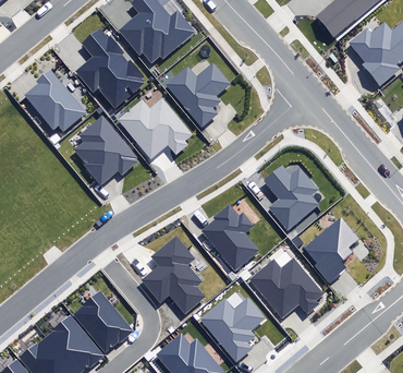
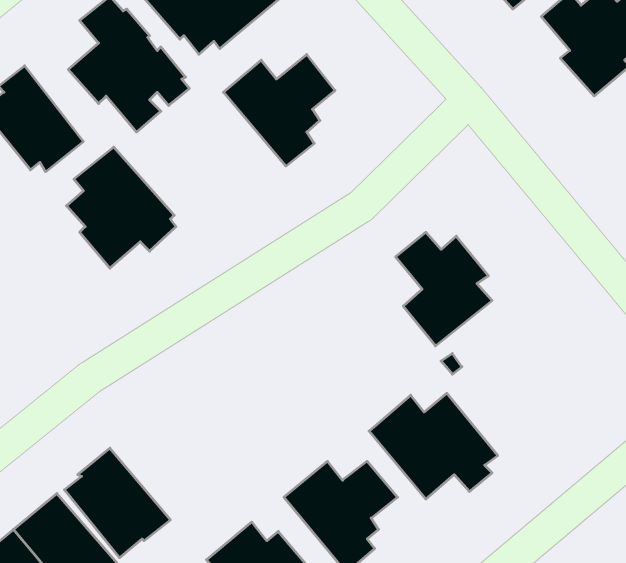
building: [118,100,192,158] -> none
building: [202,205,261,273] -> none
building: [304,218,357,284] -> none
building: [142,237,206,314] -> none

